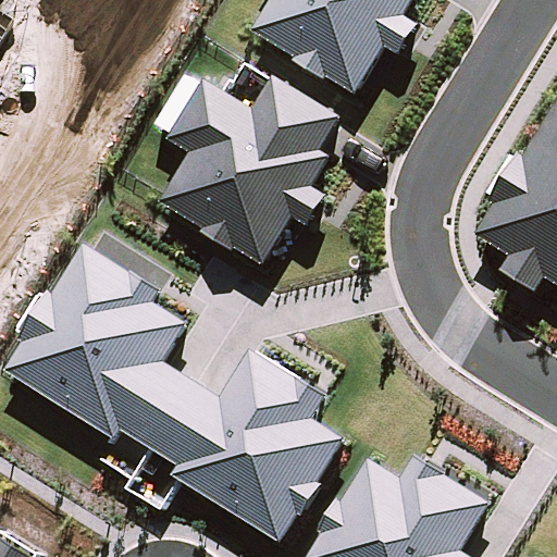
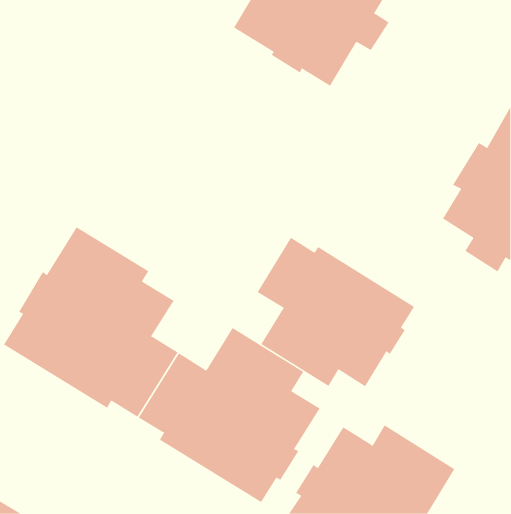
building: [159,74,339,263] -> none
building: none -> [257,237,415,387]

